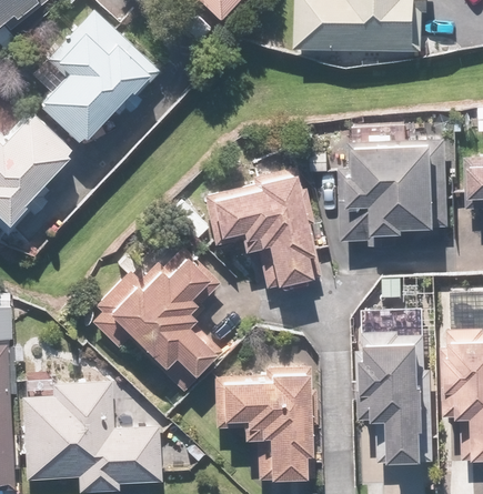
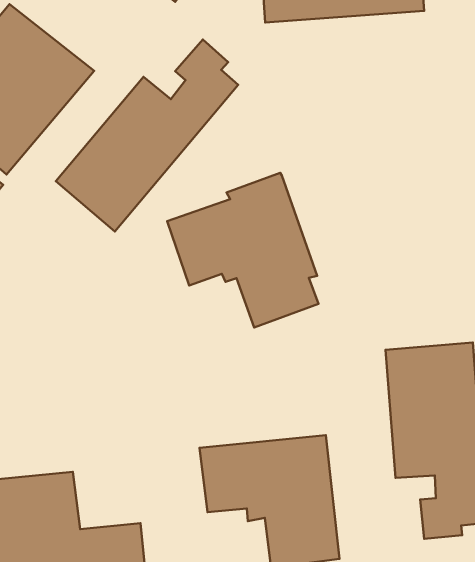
building: none -> [56,39,238,232]
building: [342,124,441,244] -> none
building: [91,239,222,392] -> none

